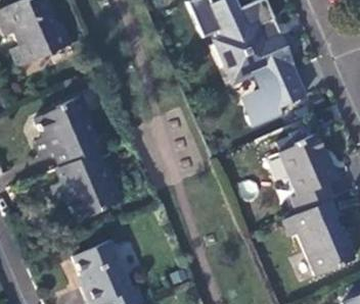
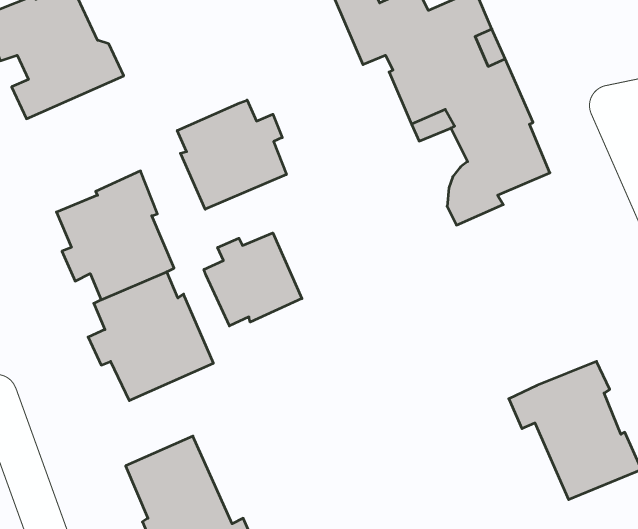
building: none -> [177,100,286,209]
building: none -> [204,233,302,326]
building: [278,134,338,212] -> none

